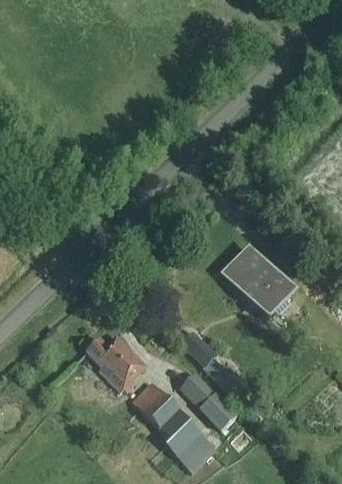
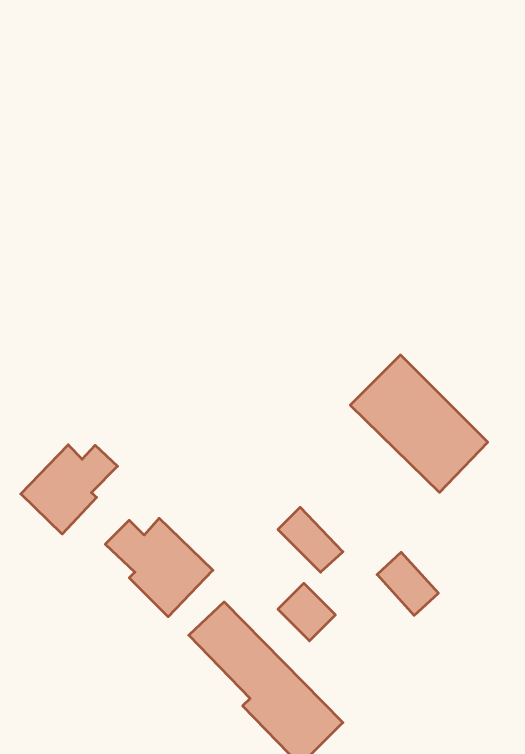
building: none -> [21,445,118,534]
building: [201,395,234,430] -> [377,552,438,615]

